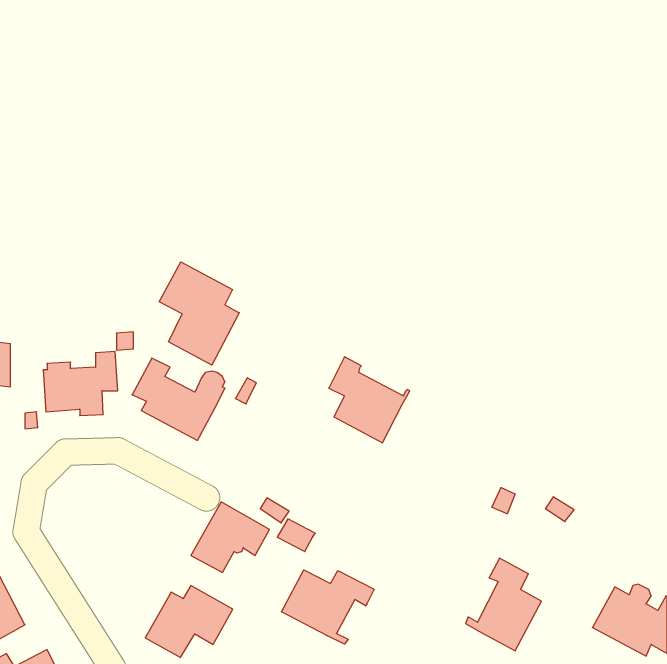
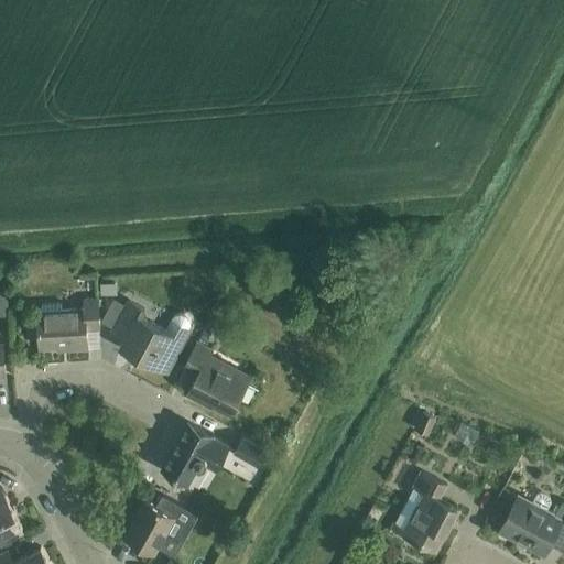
building: [159,262,239,365] -> none
building: [329,357,410,443] -> [183,345,251,417]
building: [281,570,374,644] -> none

